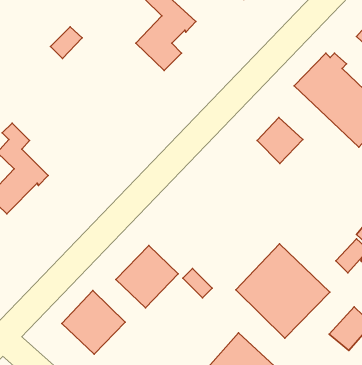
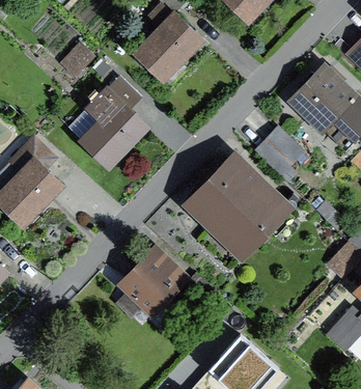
building: none -> [81,78,144,164]
building: [236,244,330,338] -> [193,161,282,250]
building: [62,291,125,354] -> none

